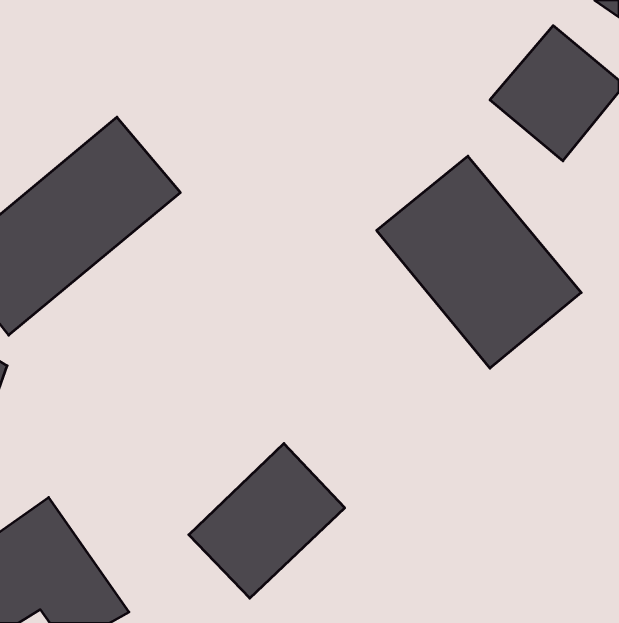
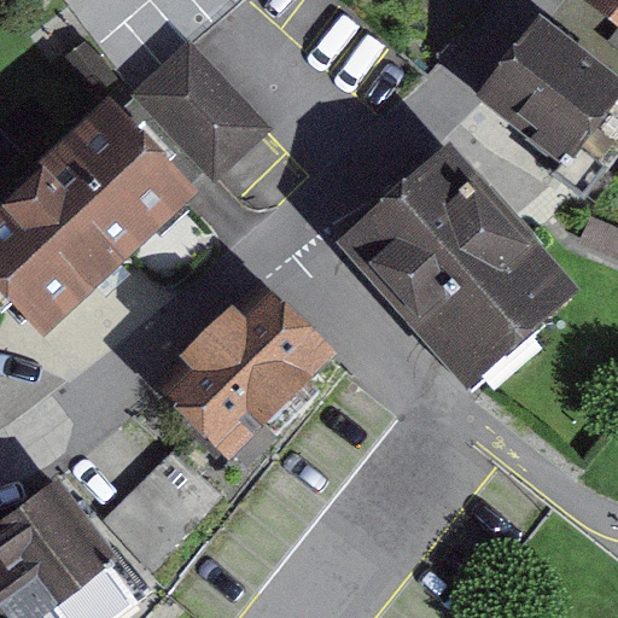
building: none -> [116,52,255,191]
building: [189,443,345,598] -> [165,298,320,451]

